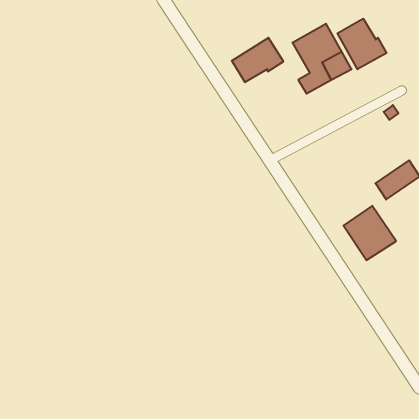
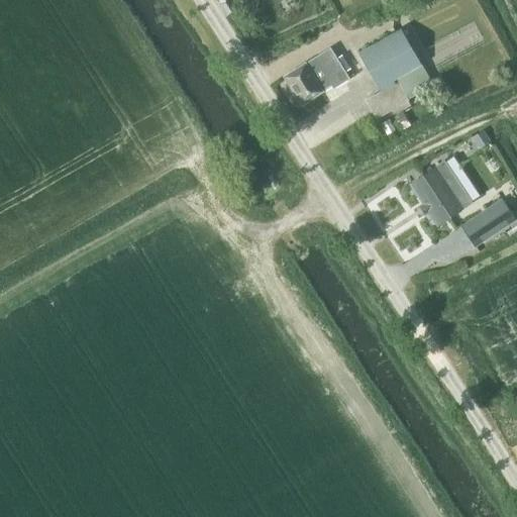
building: [337,19,386,69] -> none
building: [343,206,396,260] -> [410,159,475,225]

